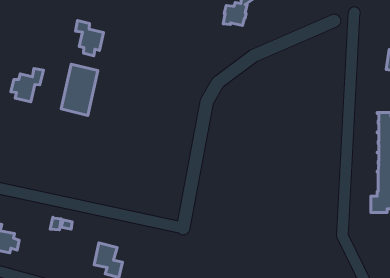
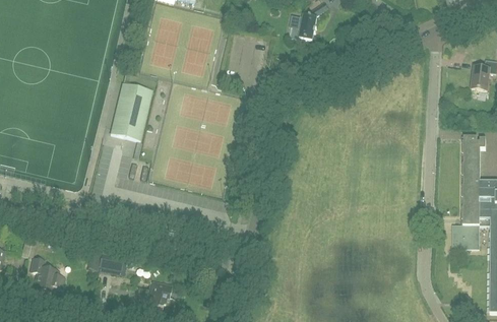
building: [76,20,103,56] -> none
building: [11,69,43,102] -> none

